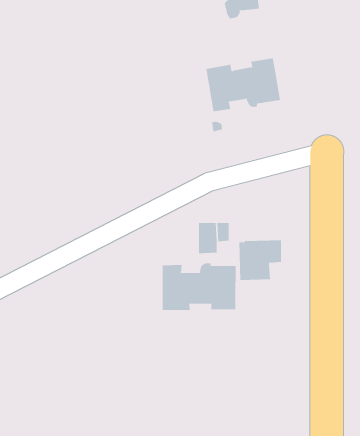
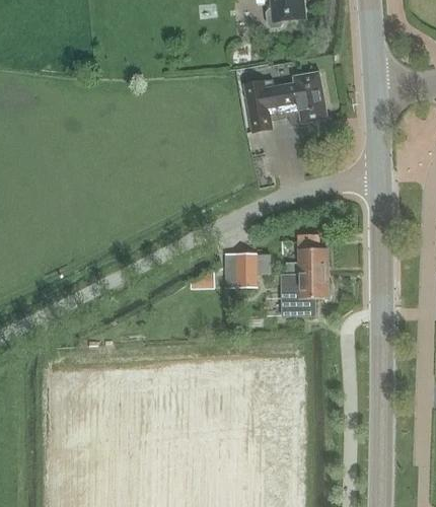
building: none -> [286,232,328,272]
building: [162,262,236,311] -> none

